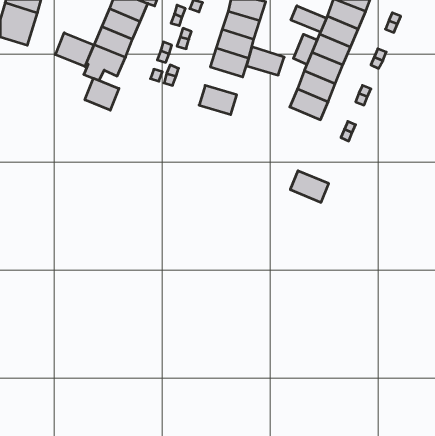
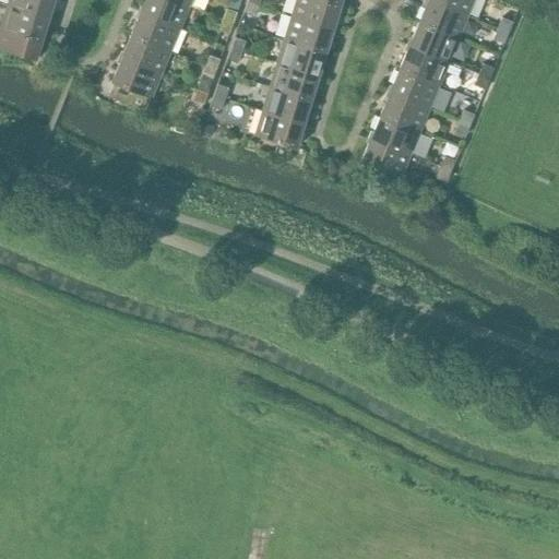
building: [291,6,326,32] -> none
building: [55,33,94,67] -> none
building: [293,34,317,65] -> none
building: [247,47,284,75] -> [264,85,312,121]
building: [85,78,119,110] -> none
building: [290,171,329,202] -> [362,136,412,177]

